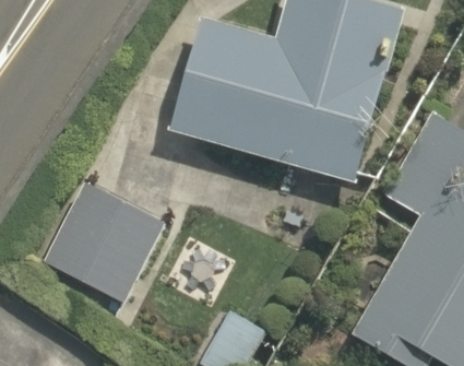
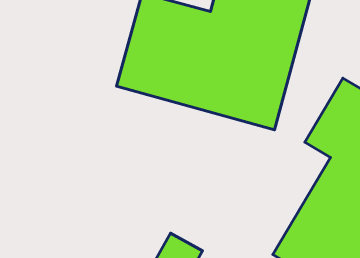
building: [43,173,170,305] -> none

